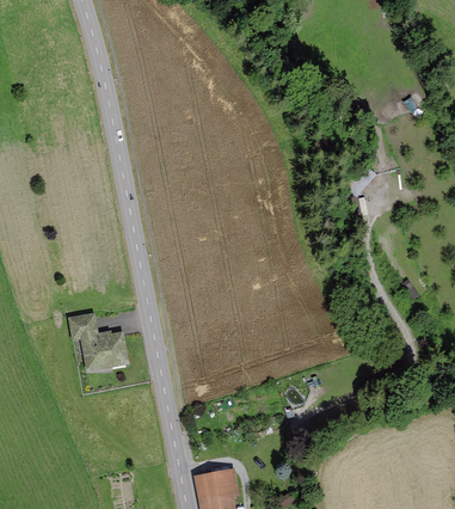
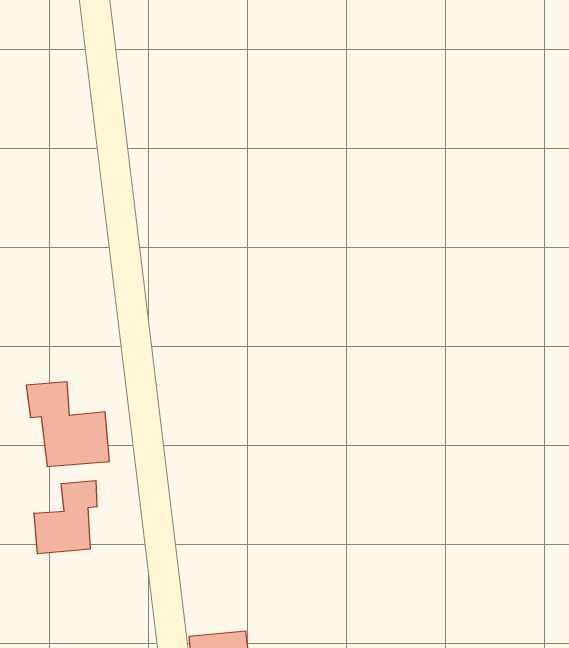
building: none -> [34,480,97,554]

